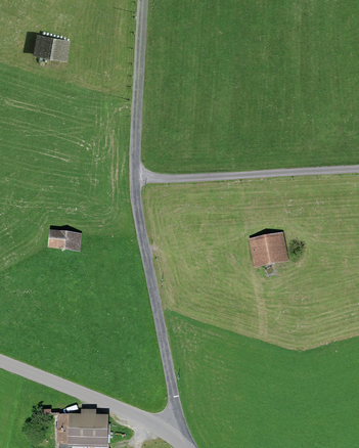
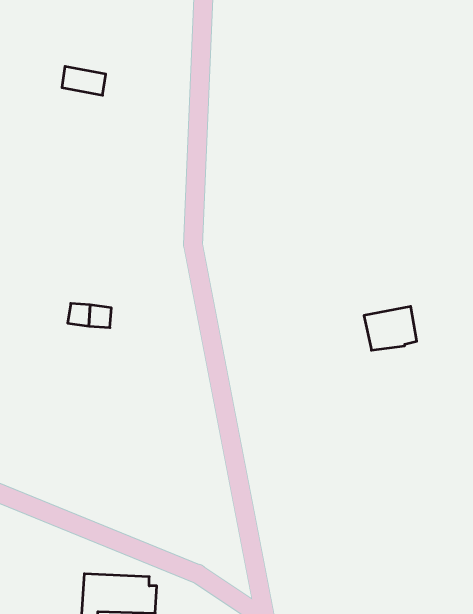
building: [38,36,68,55] -> [62,66,106,95]

